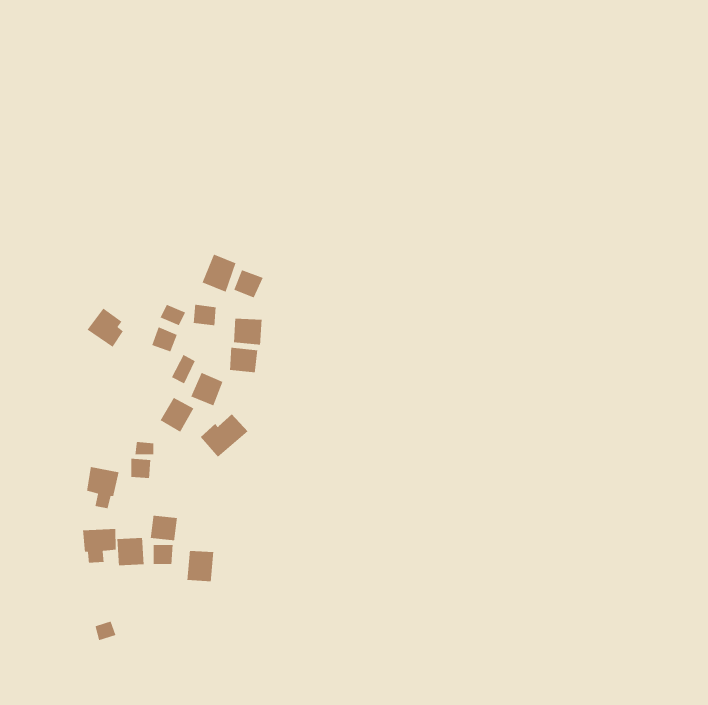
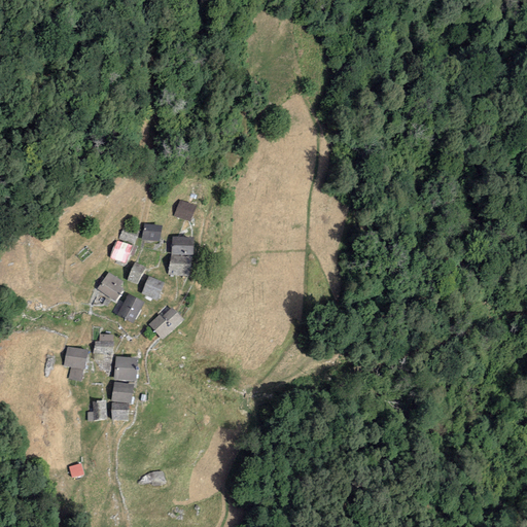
building: [202,254,237,293] -> none
building: [86,308,124,348] -> [97,273,125,303]
building: [82,528,117,563] -> none
building: [186,550,214,582] -> [116,356,137,380]

